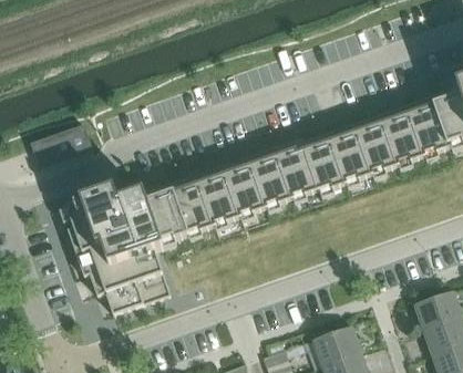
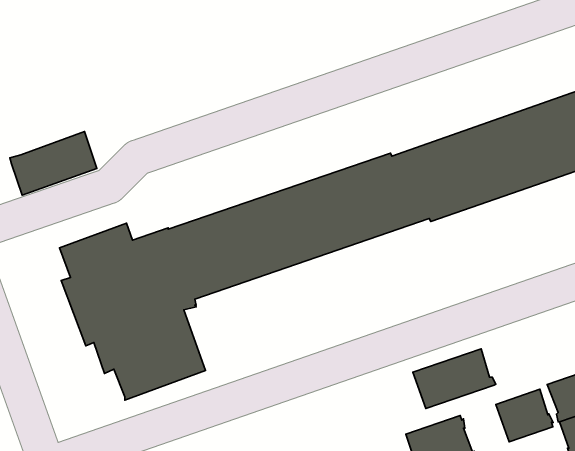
building: none -> [413,349,496,409]
building: none -> [496,389,553,442]

